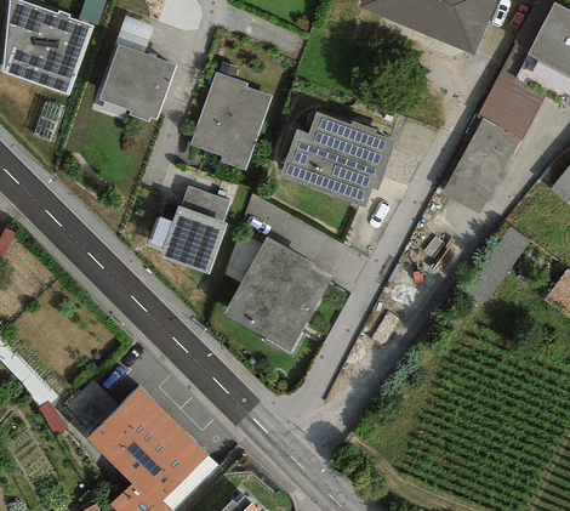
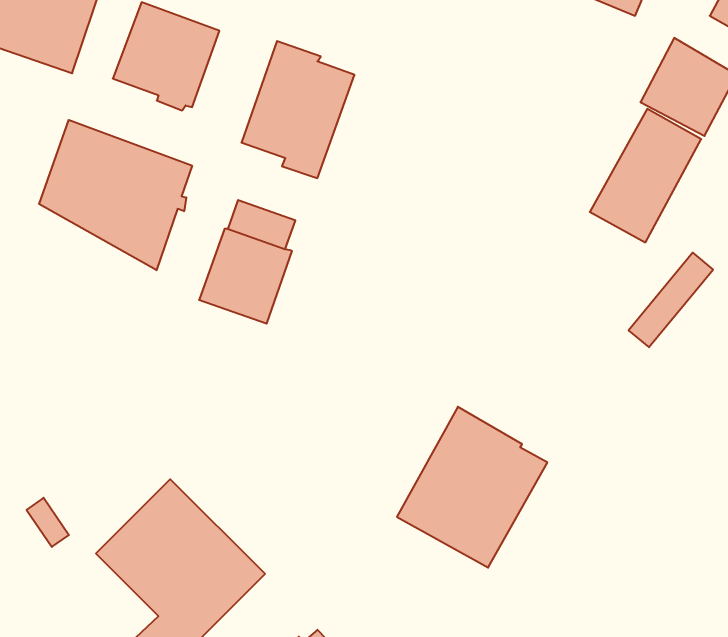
building: [279,110,397,208] -> none
building: none -> [39,120,192,270]
building: [223,235,331,351] -> [397,407,547,568]

